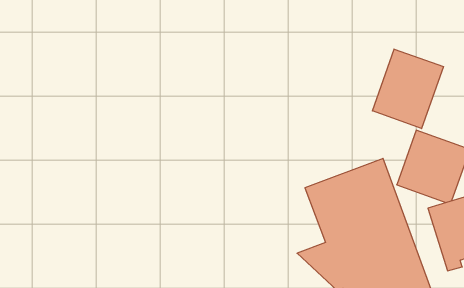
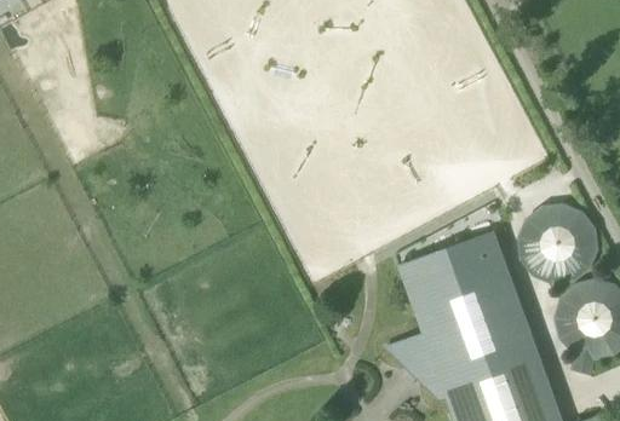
building: [372,49,443,129] -> none

